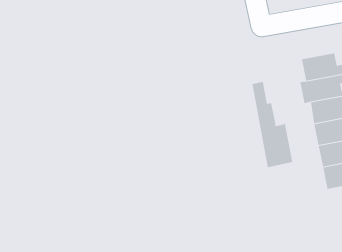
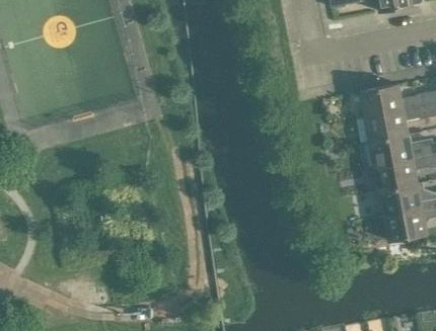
building: [252,81,293,168] -> none

